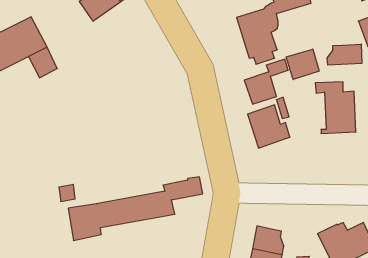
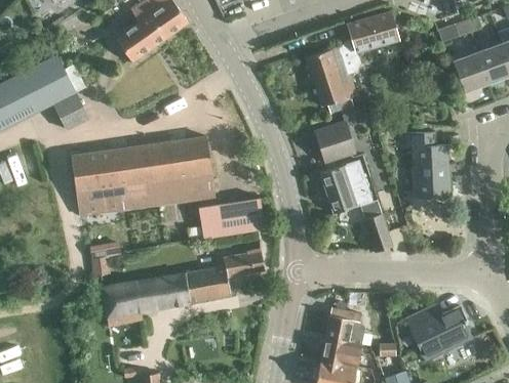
building: [327,44,362,65] -> none
building: [286,49,319,80] -> none
building: none -> [71,136,265,237]
building: none -> [364,212,392,252]

